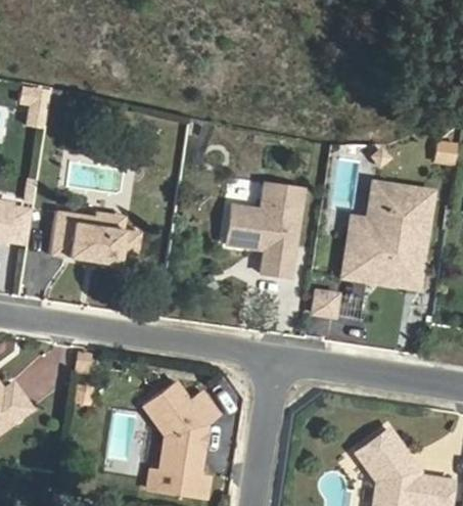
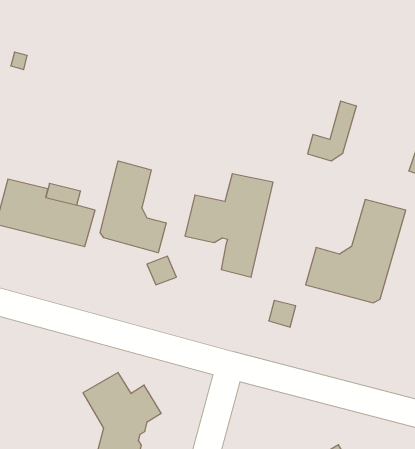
building: none -> [100,161,166,253]
building: [349,192,389,248] -> [308,101,357,161]

